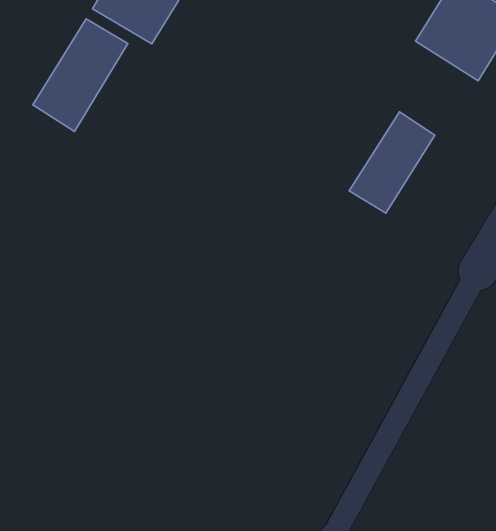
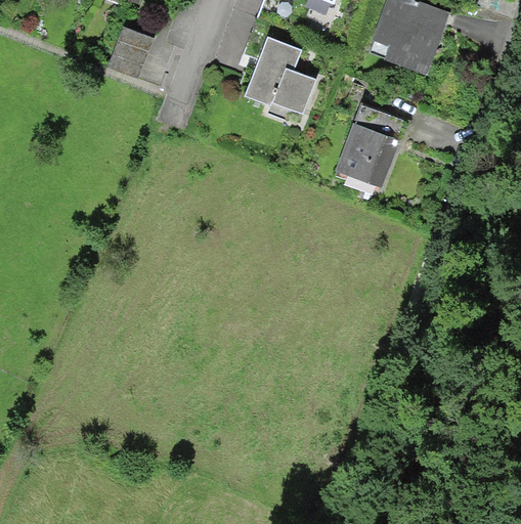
building: none -> [249,36,317,124]
building: [33,19,128,132] -> none

